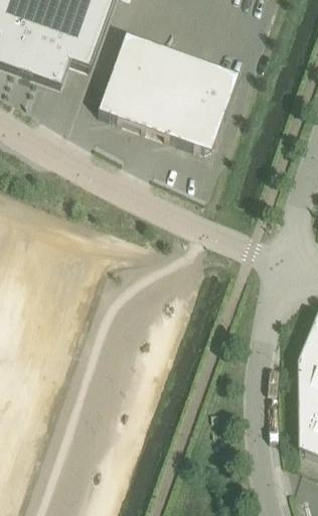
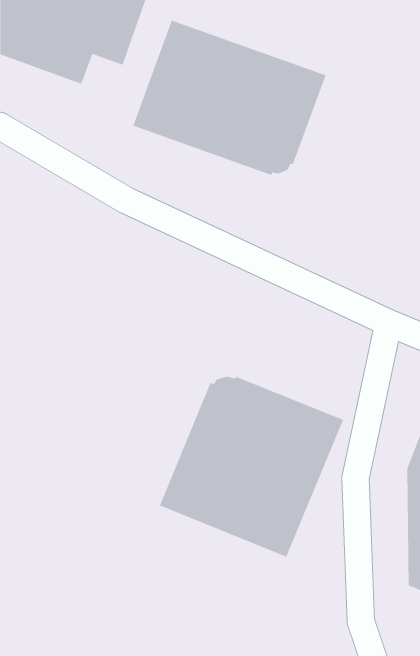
building: none -> [159,376,344,558]

